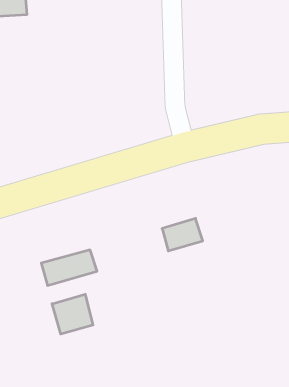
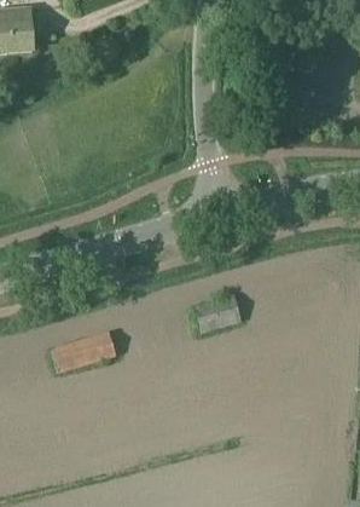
building: [52,294,93,334] -> none

